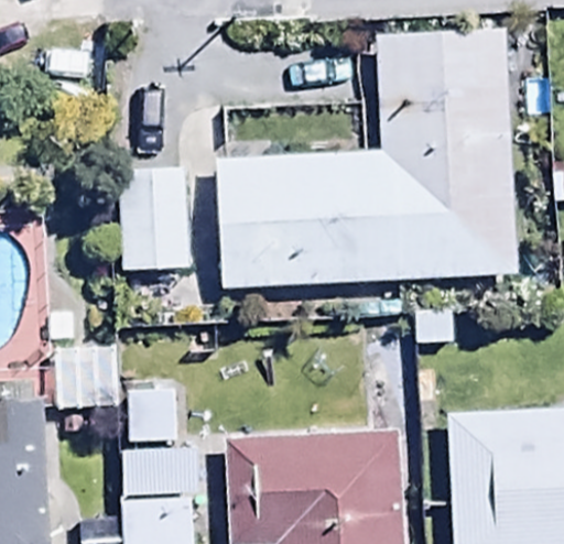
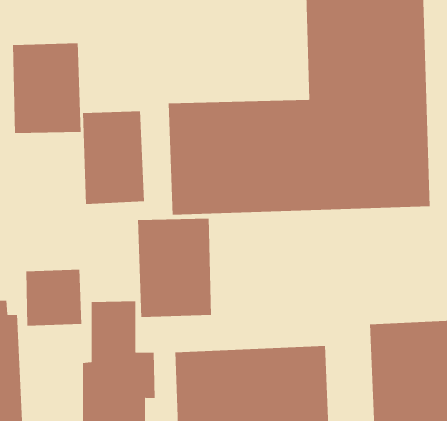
building: none -> [13,42,81,134]
building: none -> [138,218,211,318]

